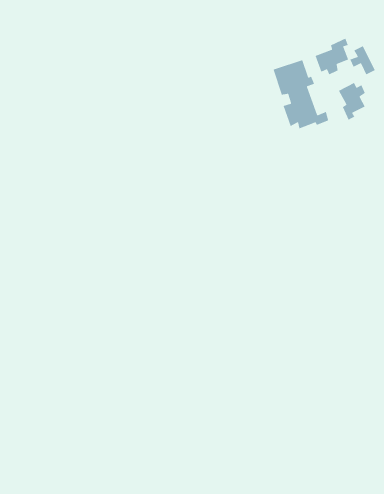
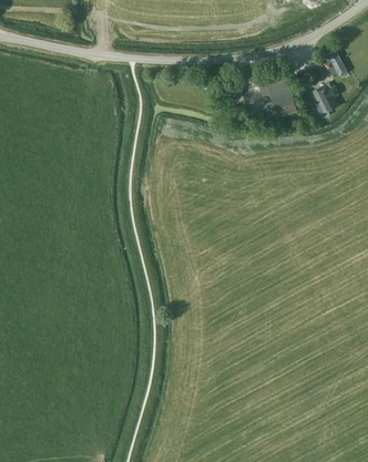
building: [314,38,349,75] -> none

